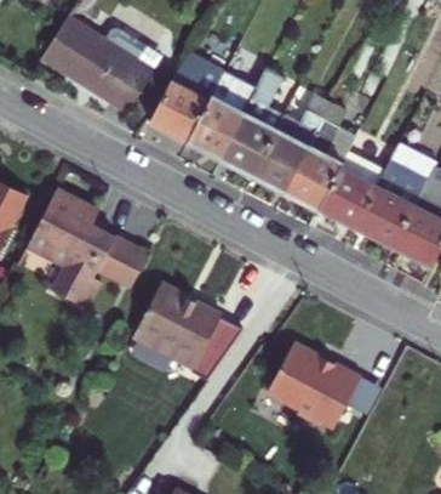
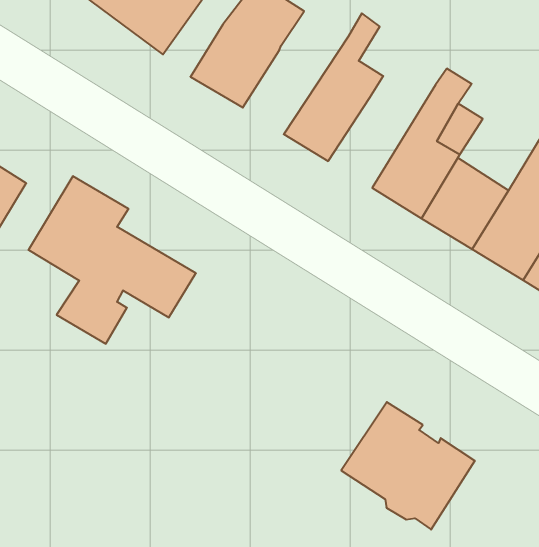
building: [179,62,251,153] -> none
building: [242,104,315,187] -> none
building: [137,285,246,382] -> none

